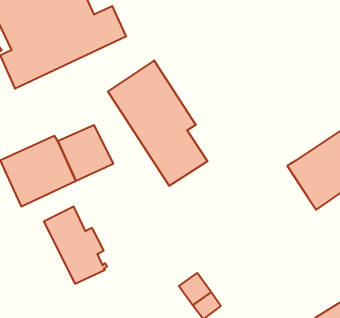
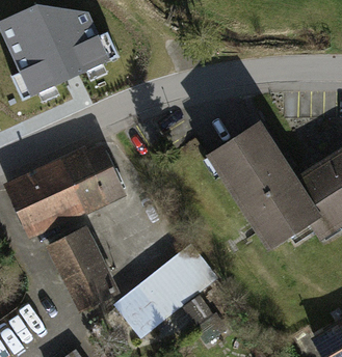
building: [108,60,208,186] -> [212,123,309,245]
building: none -> [116,245,215,334]

